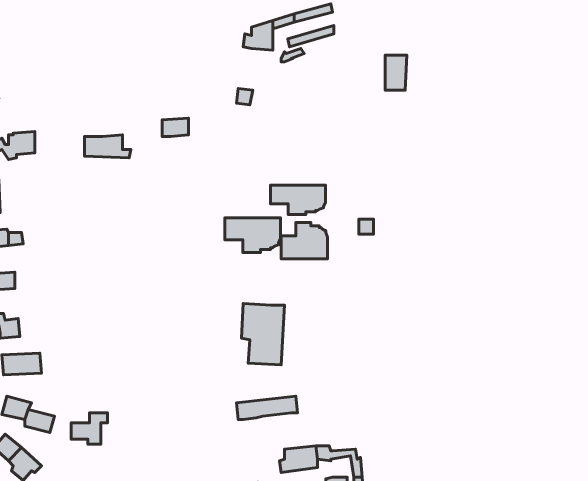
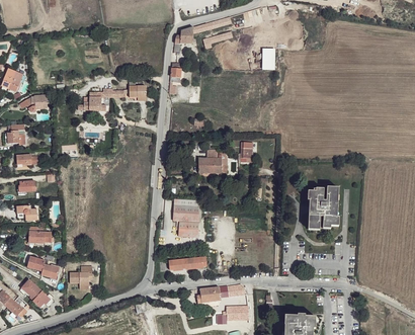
building: [270,185,325,214] -> none
building: [225,218,280,253] -> none
building: none -> [309,188,339,229]

